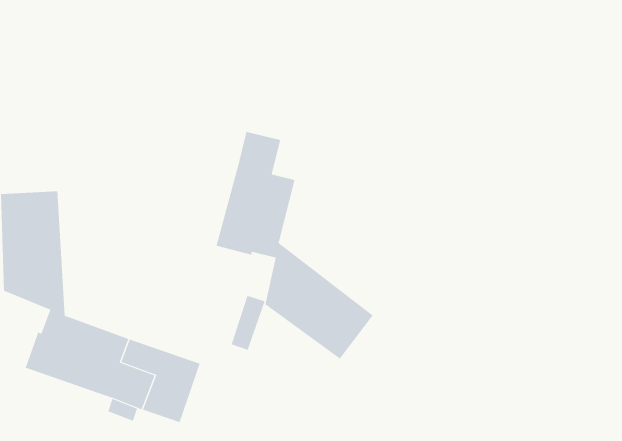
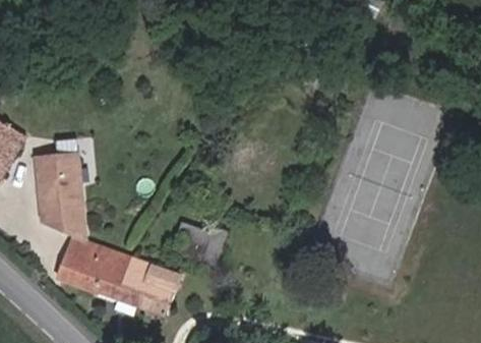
building: [216,131,374,359] -> none

